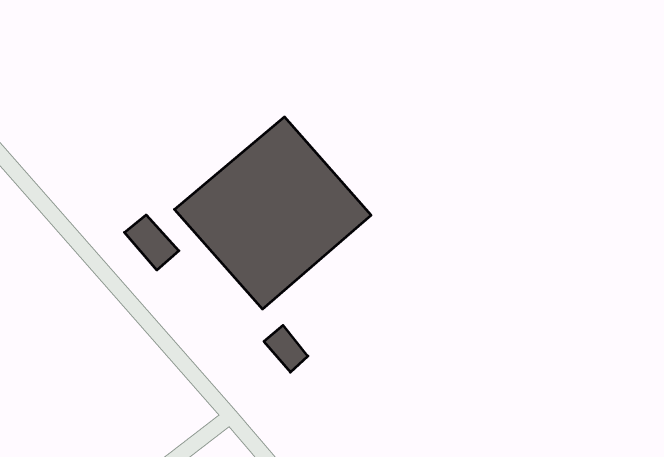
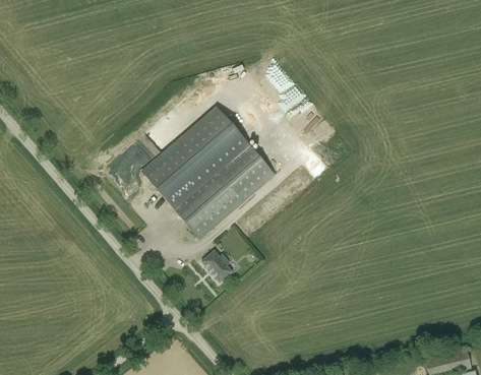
building: [124,215,179,270] -> none

